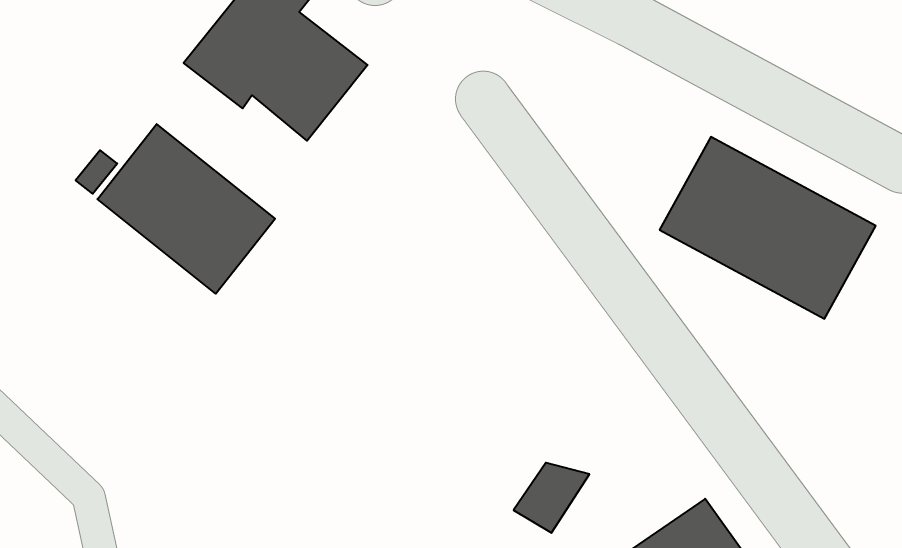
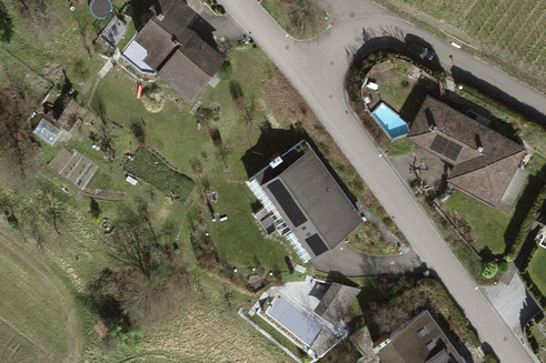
building: [97,124,275,294] -> none
building: none -> [252,143,363,261]

